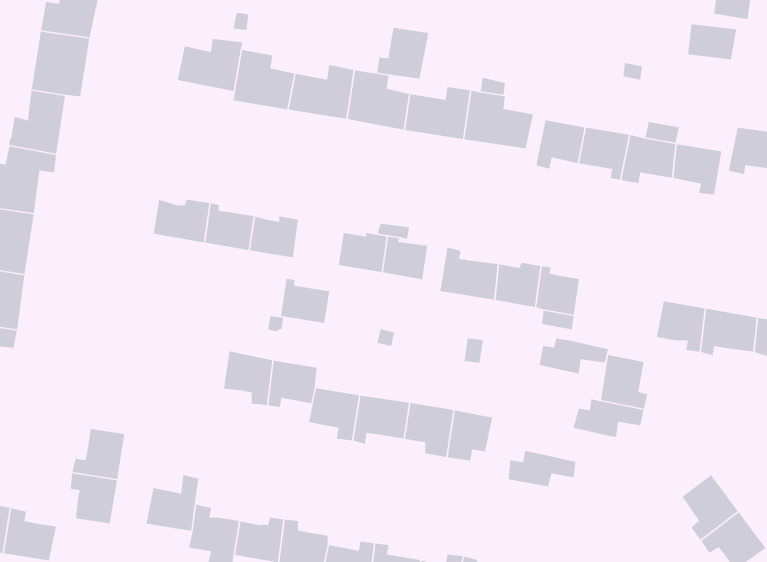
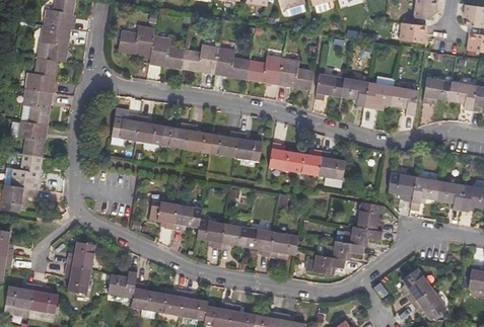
building: [376,27,429,80] -> none
building: [280,278,330,324] -> [186,128,213,153]
building: [539,338,609,375] -> [323,241,361,261]

